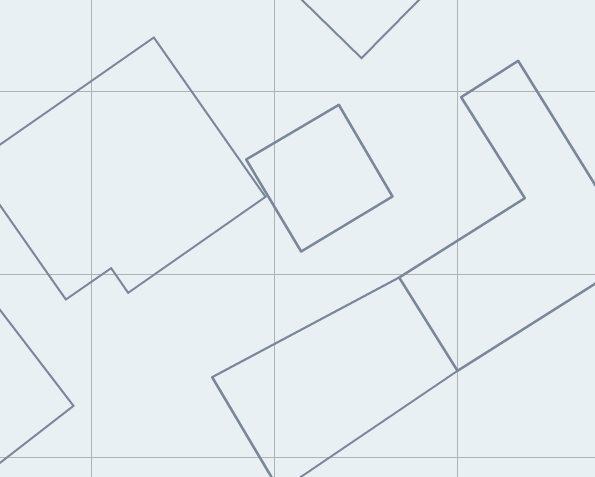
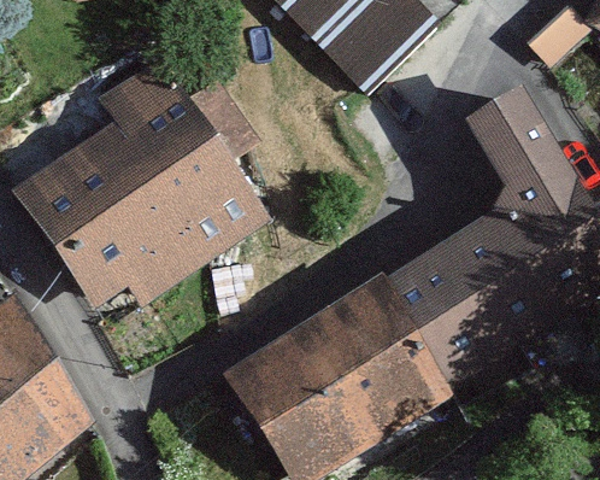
building: [246,105,393,252] -> none

